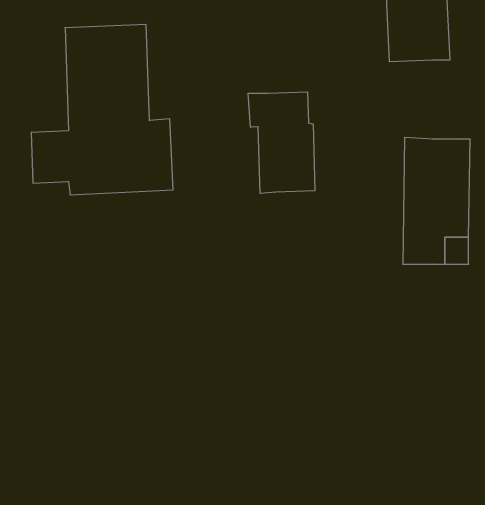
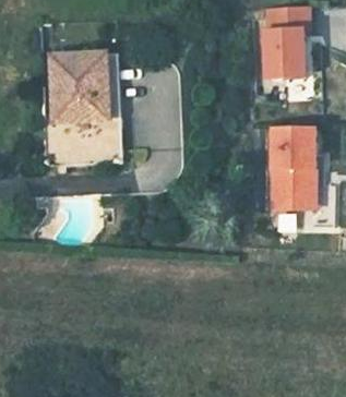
building: [248,92,315,193] -> none

